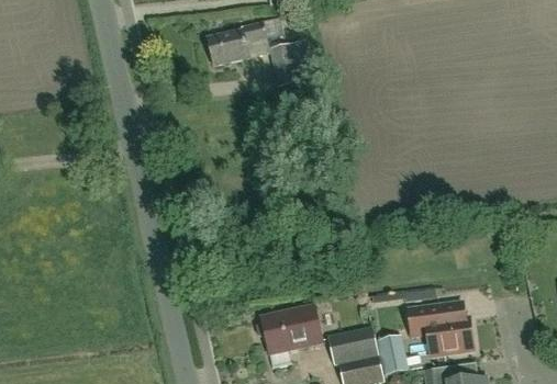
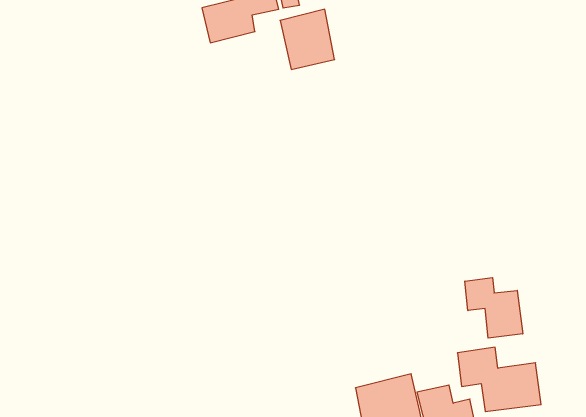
building: none -> [465,278,523,338]
building: [256,305,322,353] -> none

